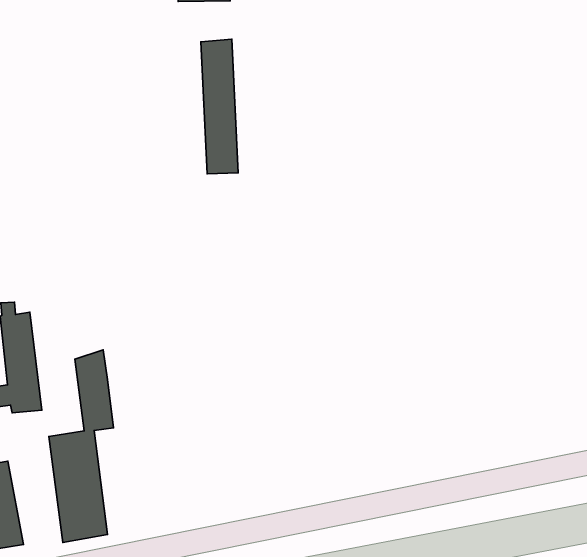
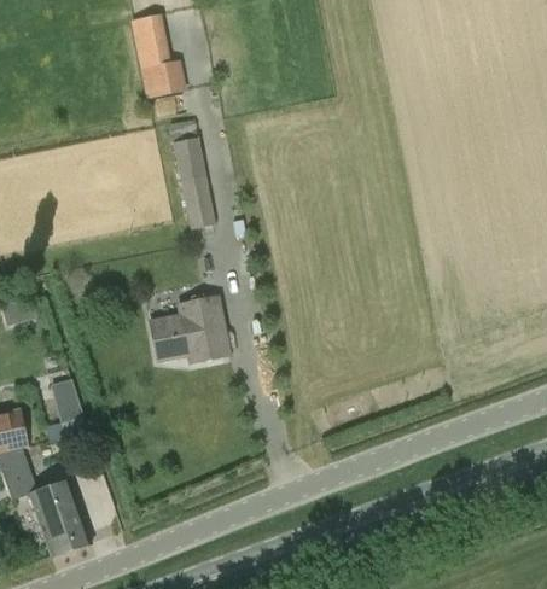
building: none -> [149,296,228,362]
building: [49,350,113,542] -> none

